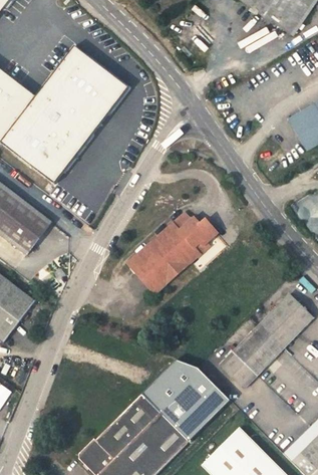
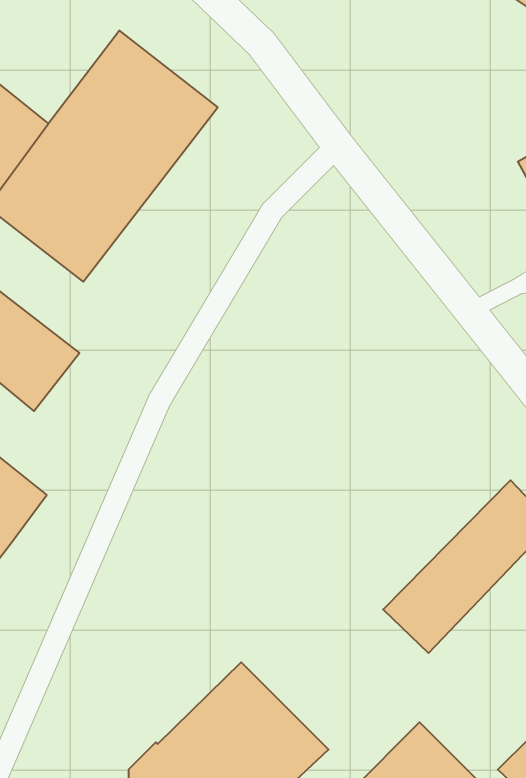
building: [126,213,216,293] -> none
building: [140,360,230,442] -> none

